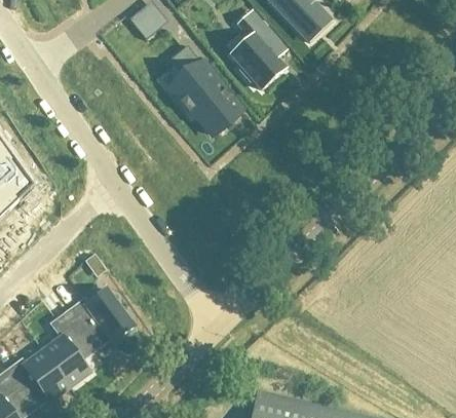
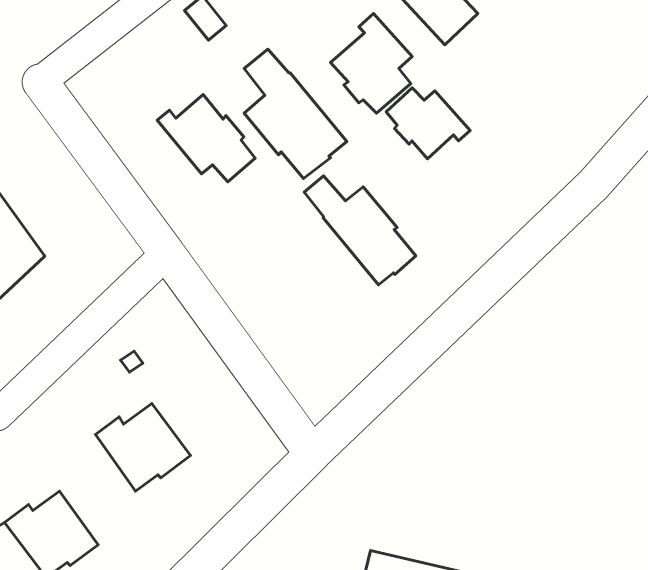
building: none -> [386,88,470,159]
building: none -> [157,94,255,182]
building: none -> [304,176,416,285]
building: [42,310,94,386] -> none

